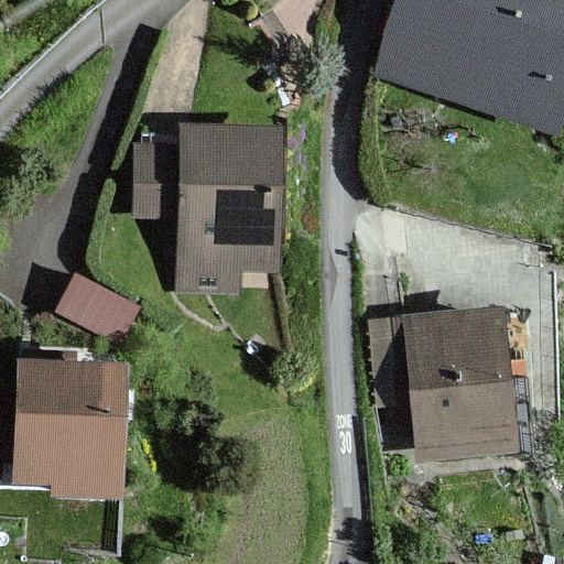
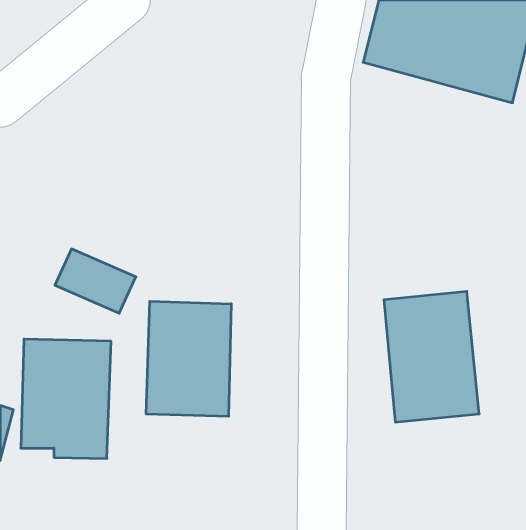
building: [127,129,279,300] -> none
building: none -> [146,301,231,416]

